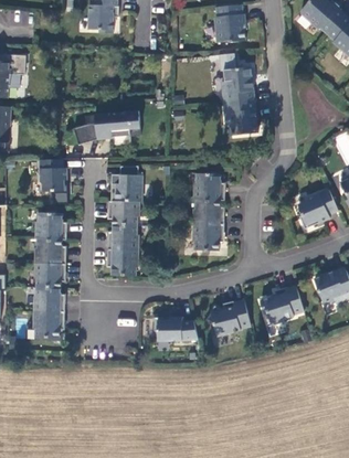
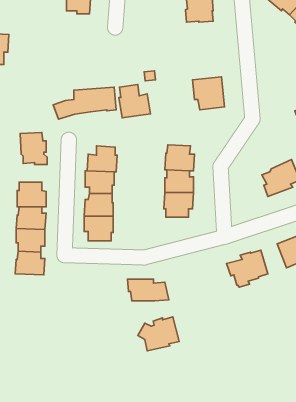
building: [220,66,253,103] -> none
building: none -> [119,84,151,118]
building: [205,299,250,335] -> [138,317,179,351]
building: [32,310,63,337] -> none

